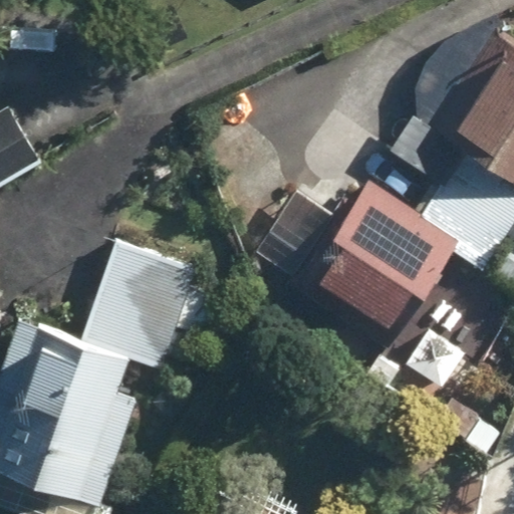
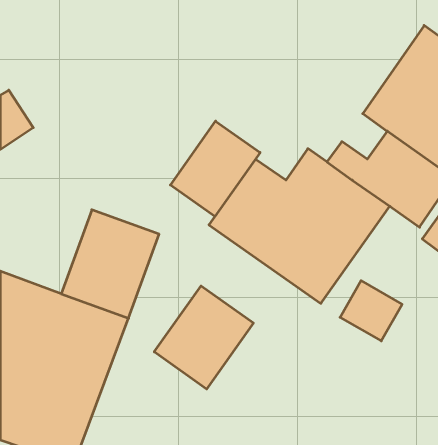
building: none -> [170,121,260,216]
building: none -> [154,286,253,389]

